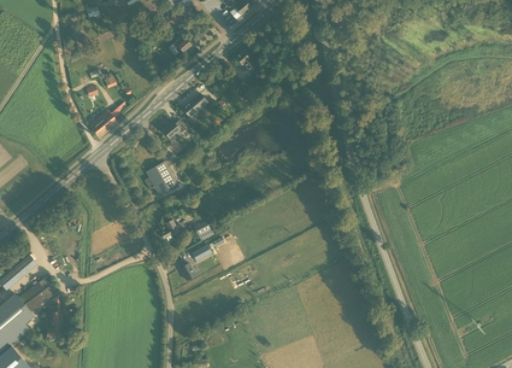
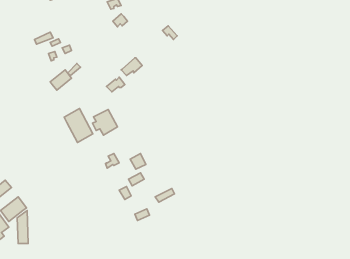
building: none -> [64,109,93,143]

